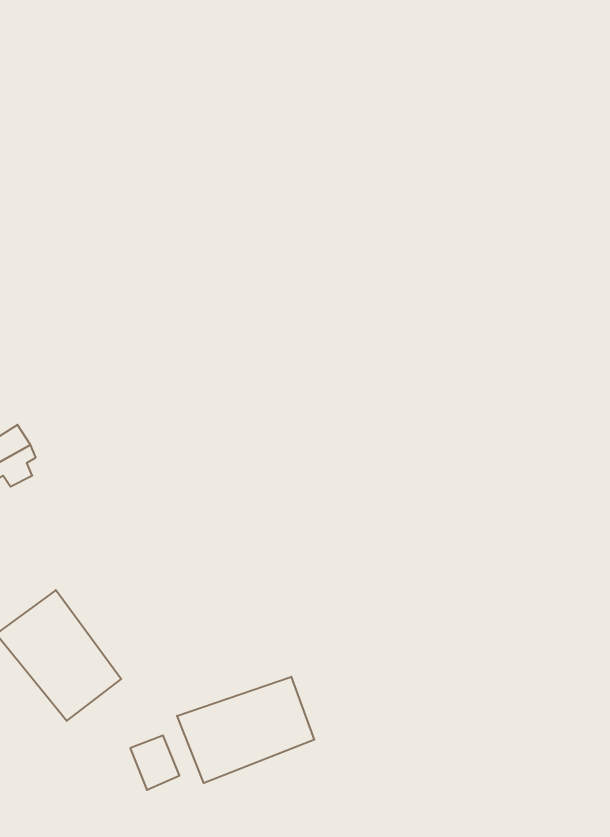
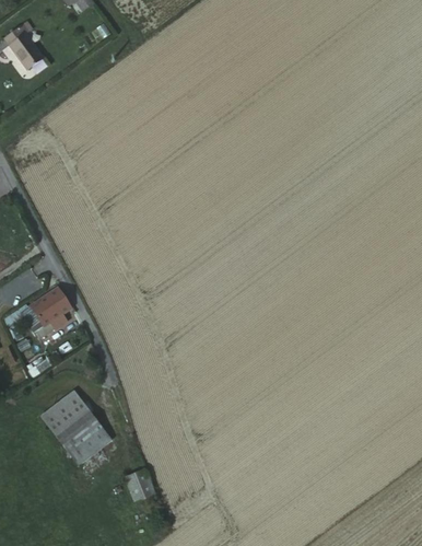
building: [177,677,314,783] -> none

